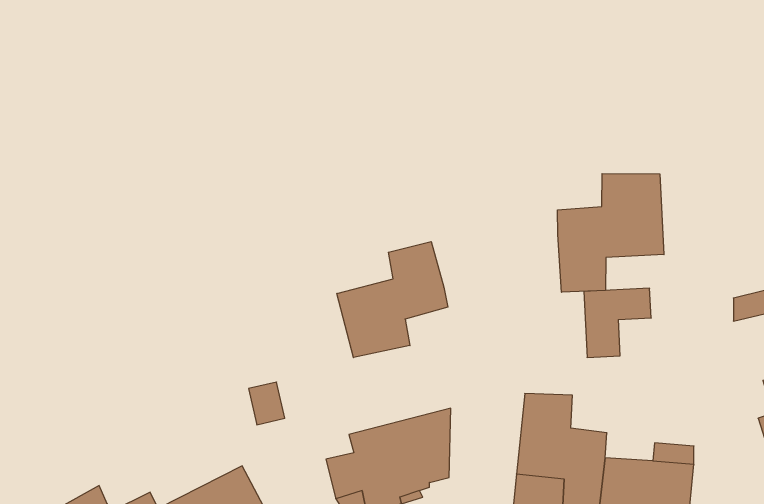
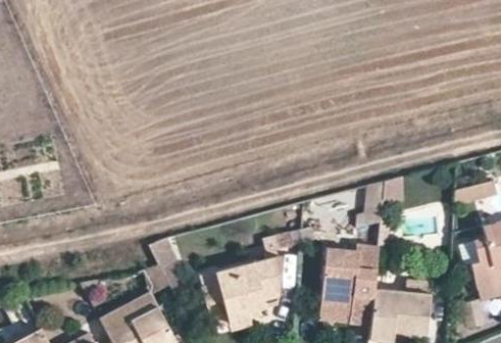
building: [558,174,664,292] -> none
building: [337,242,448,358] -> none

